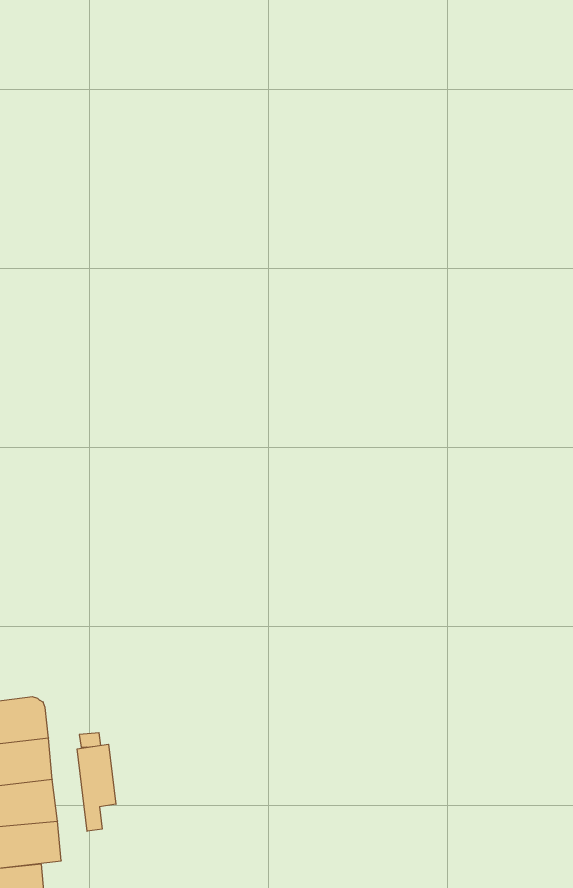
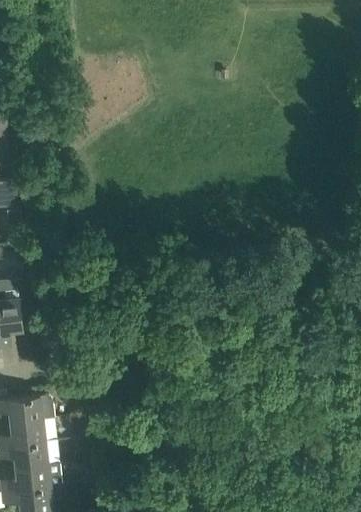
building: [77,744,116,831] -> none

